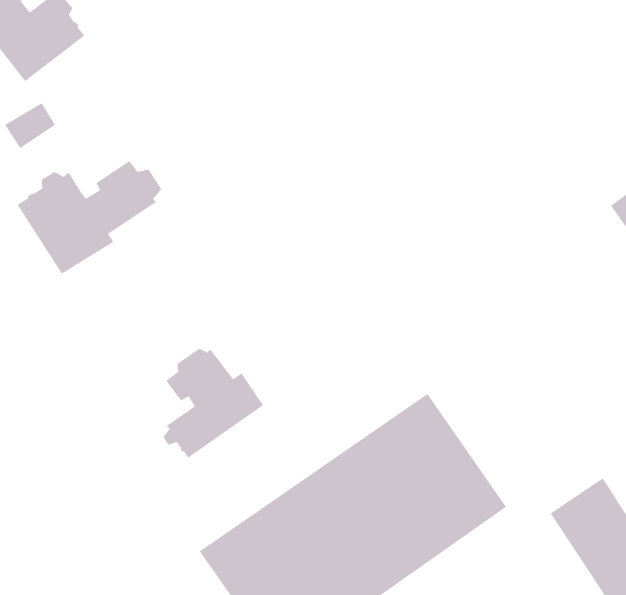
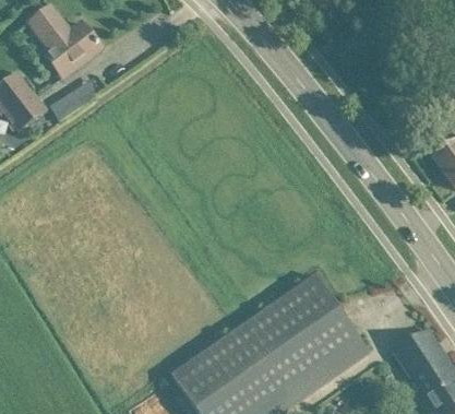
building: [17,160,162,275] -> none
building: [163,348,264,458] -> none

